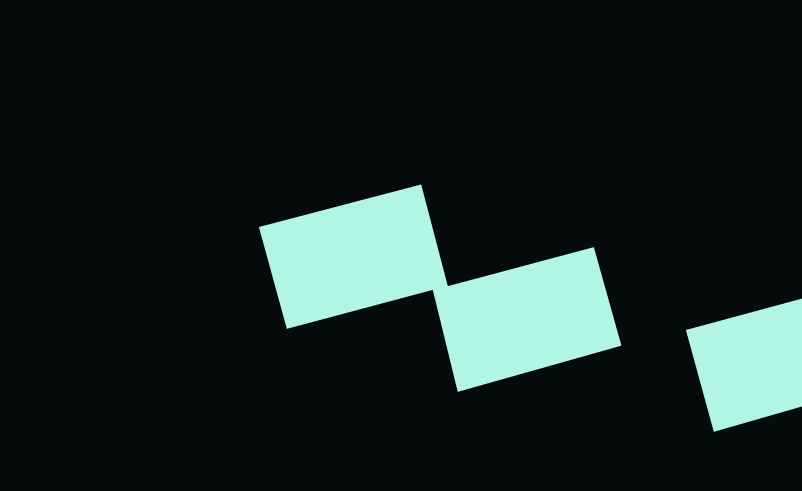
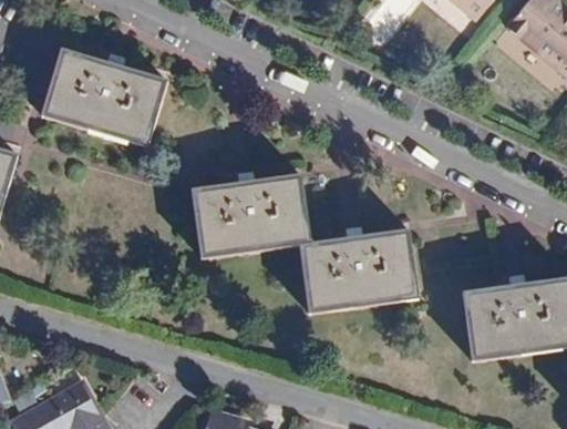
building: none -> [40,48,166,145]

